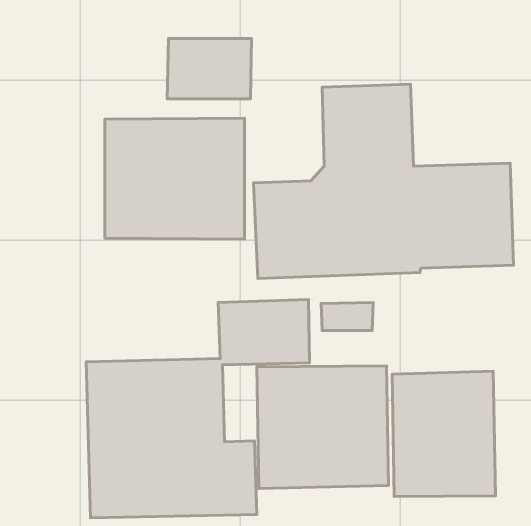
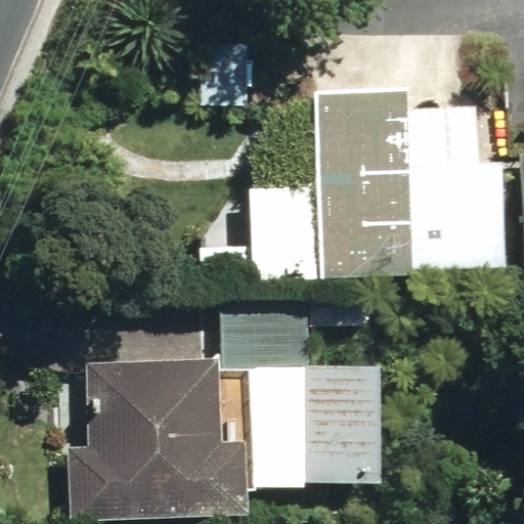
building: [105,118,245,239] -> none
building: [392,371,495,497] -> none

